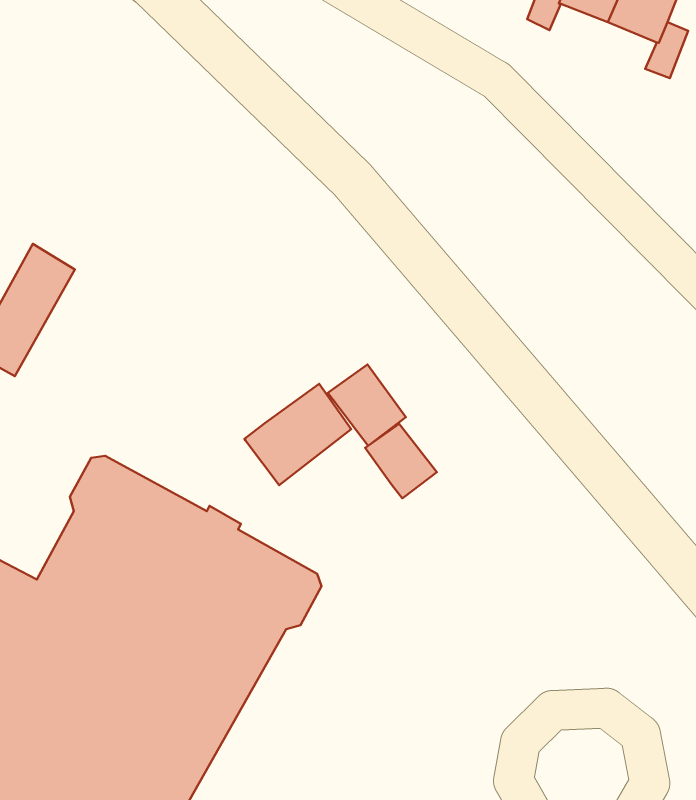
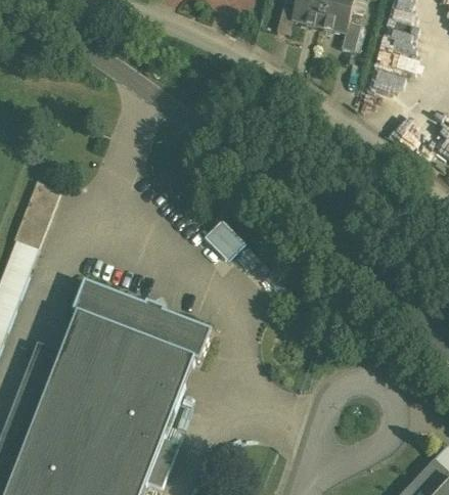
building: [245,384,351,485] -> none
building: [365,424,437,498] -> none

